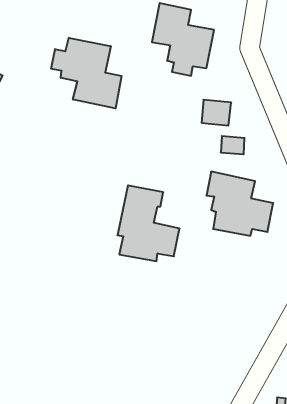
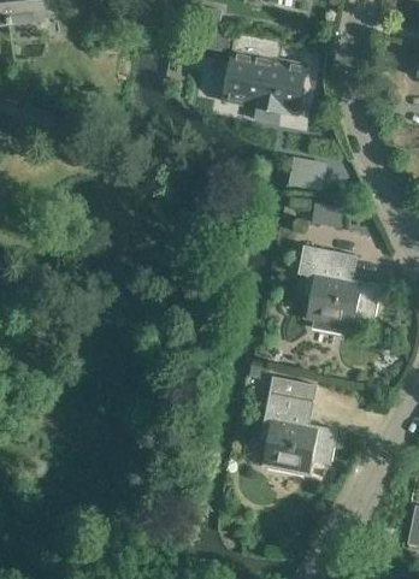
building: [51,38,122,108] -> none
building: [117,185,180,261] -> [259,377,337,472]

